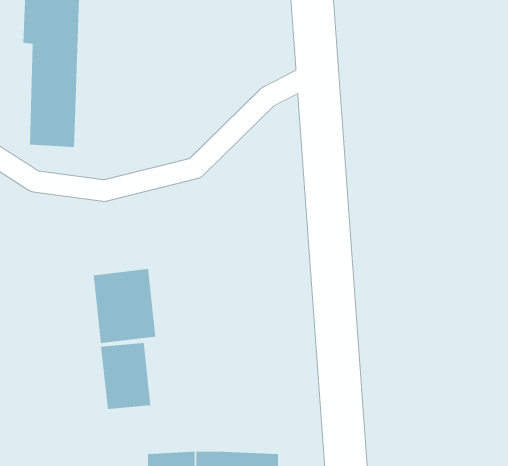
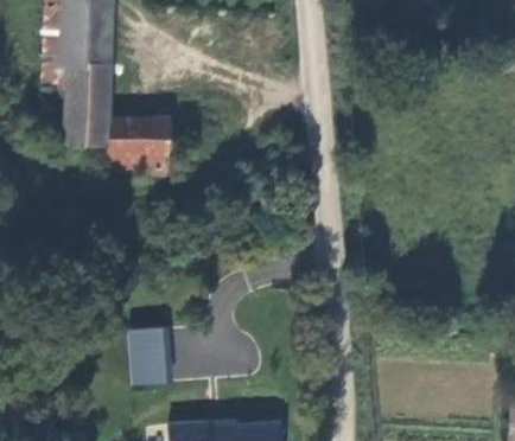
building: none -> [106,120,169,181]
building: [93,268,156,344] -> none

